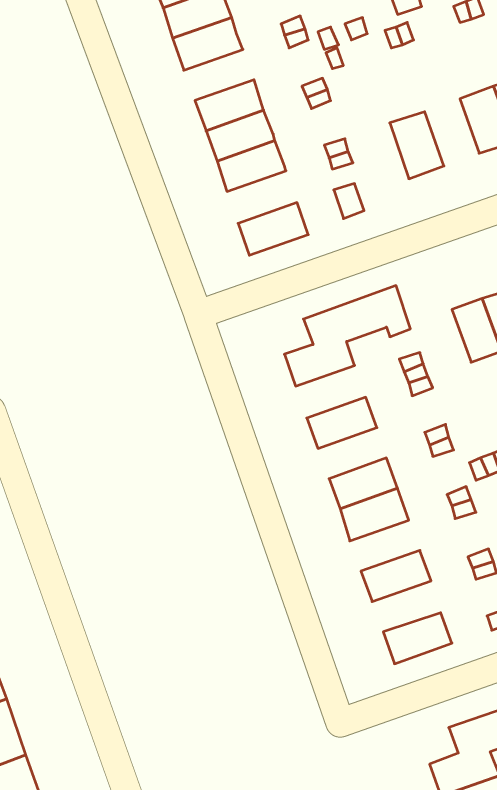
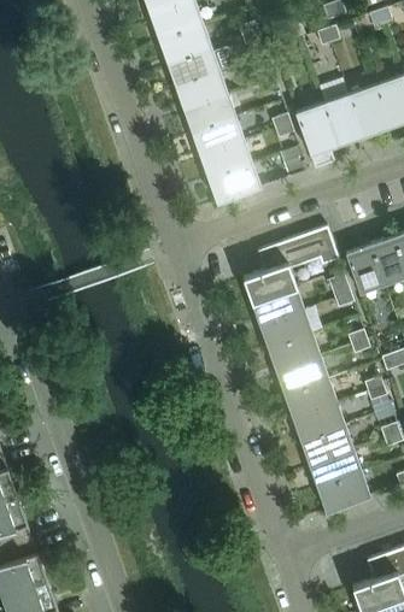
building: none -> [166,48,219,87]
building: none -> [349,86,390,136]
building: none -> [295,104,336,169]
building: none -> [199,140,252,180]
building: none -> [345,245,383,293]
building: none -> [251,287,304,326]
building: none -> [268,334,320,372]
building: none -> [292,404,345,442]
building: none -> [309,449,361,488]

